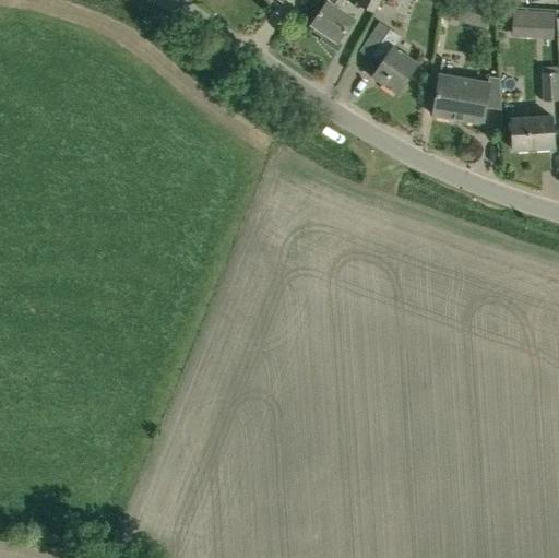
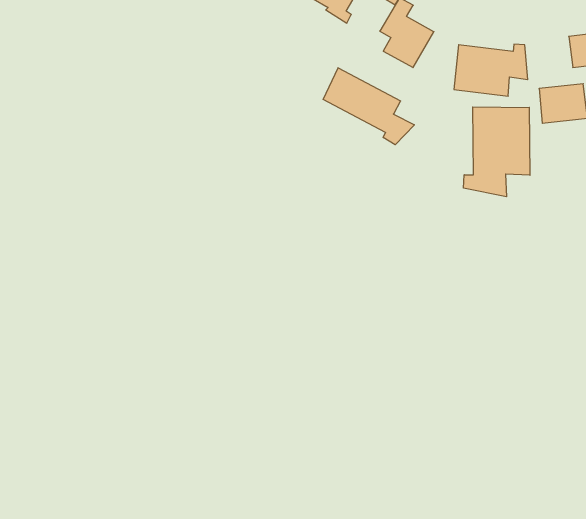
building: none -> [323,68,414,145]
building: none -> [464,107,530,197]

